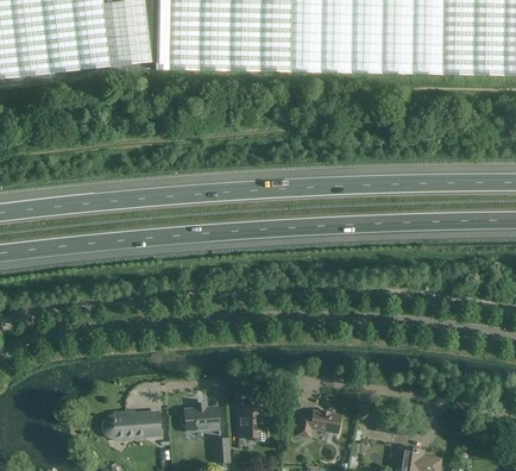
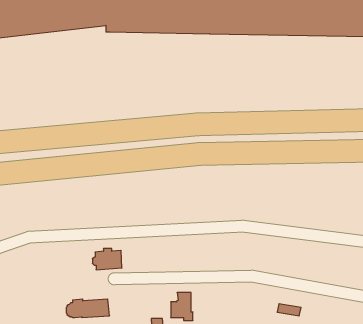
building: [181,404,219,432] -> [92,249,122,270]
building: [296,410,340,438] -> none

